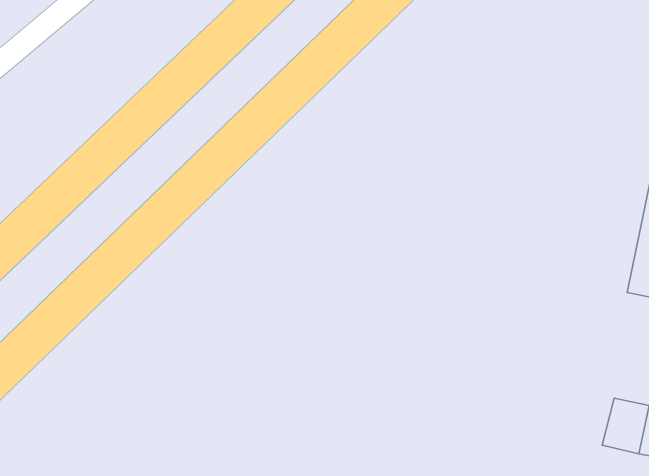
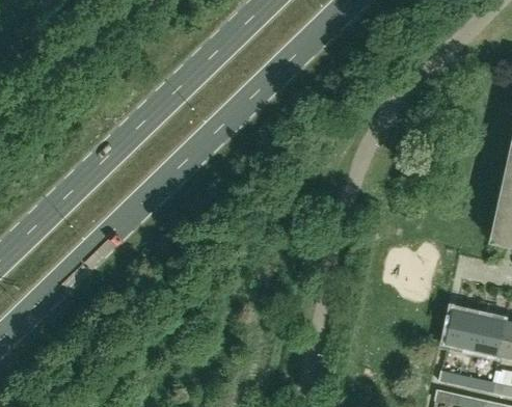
building: none -> [448,309,482,349]

